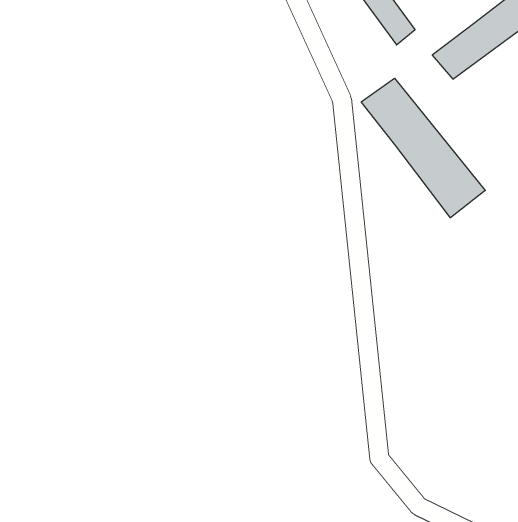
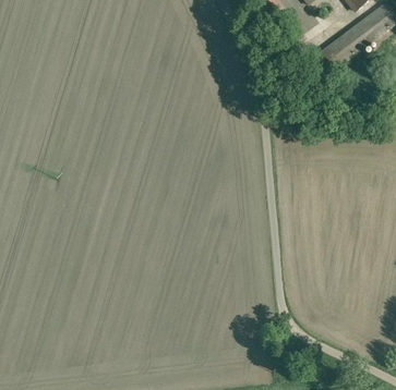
building: [361,78,485,218] -> none

